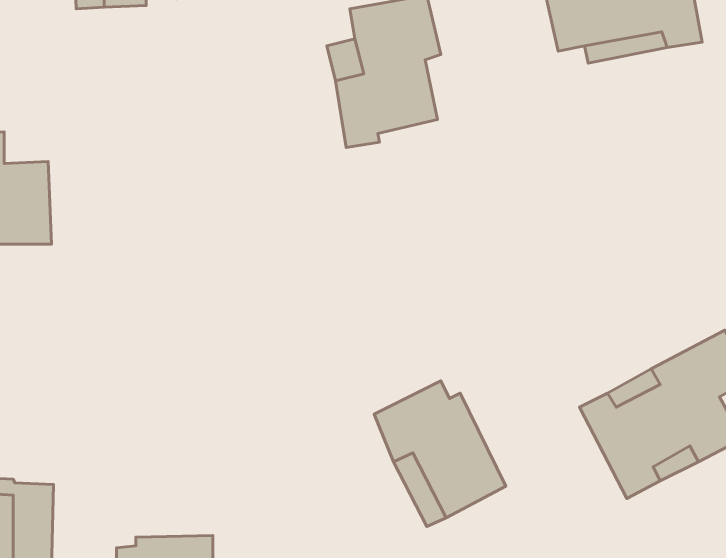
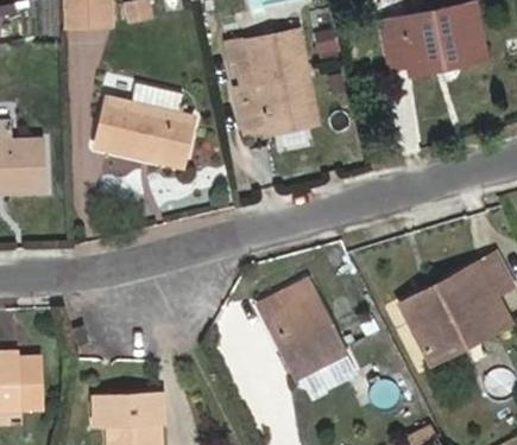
building: none -> [244,66,320,139]
building: none -> [90,94,190,167]

